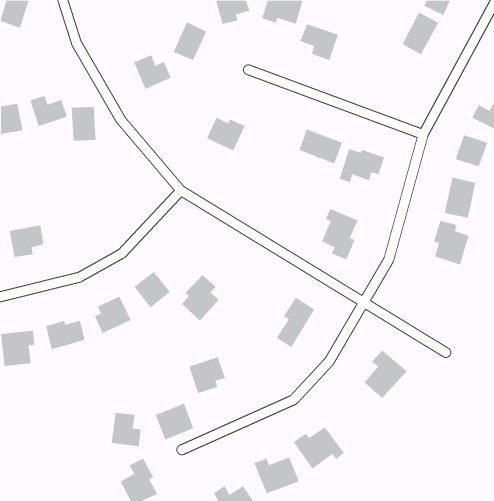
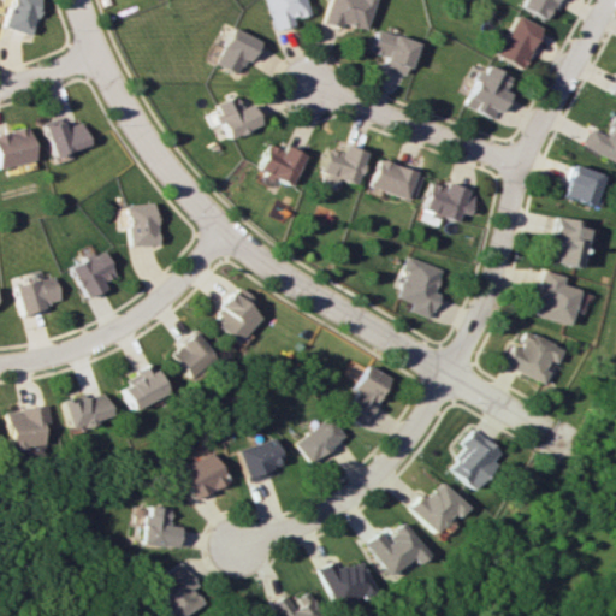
building: none -> [473,66,516,119]
building: [133,54,172,90] -> [219,96,266,140]
building: [71,107,96,141] -> [130,203,161,245]
building: none -> [325,146,372,185]
building: none -> [75,250,120,298]
building: none -> [511,330,567,384]
building: [181,274,219,321] -> [215,286,262,344]
building: none -> [300,416,349,464]
building: none -> [411,481,473,534]
building: [155,403,194,440] -> [182,454,230,499]

